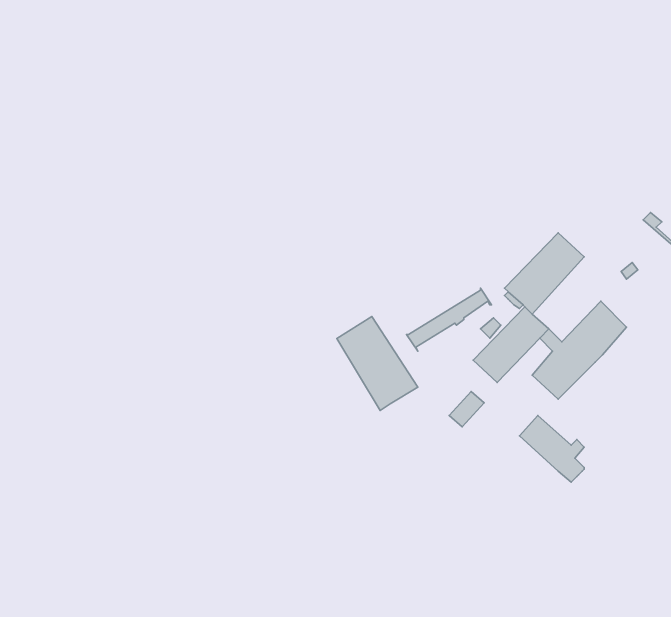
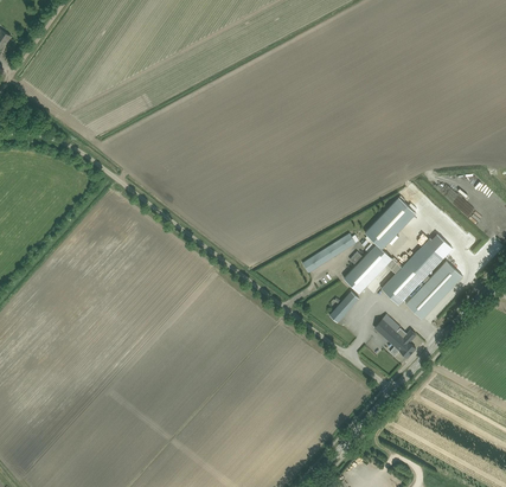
building: [337,317,418,411] -> none
building: none -> [406,261,463,319]

